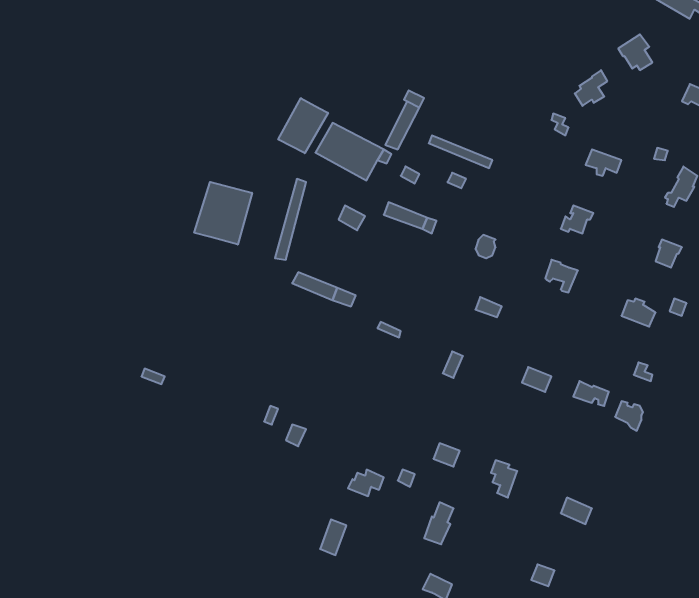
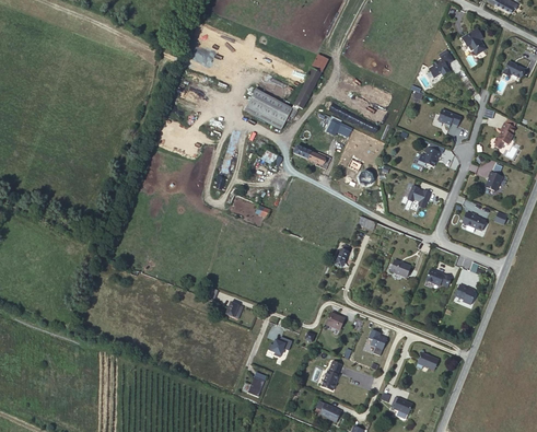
building: [278,98,328,153] -> none
building: [194,182,252,245] -> none

